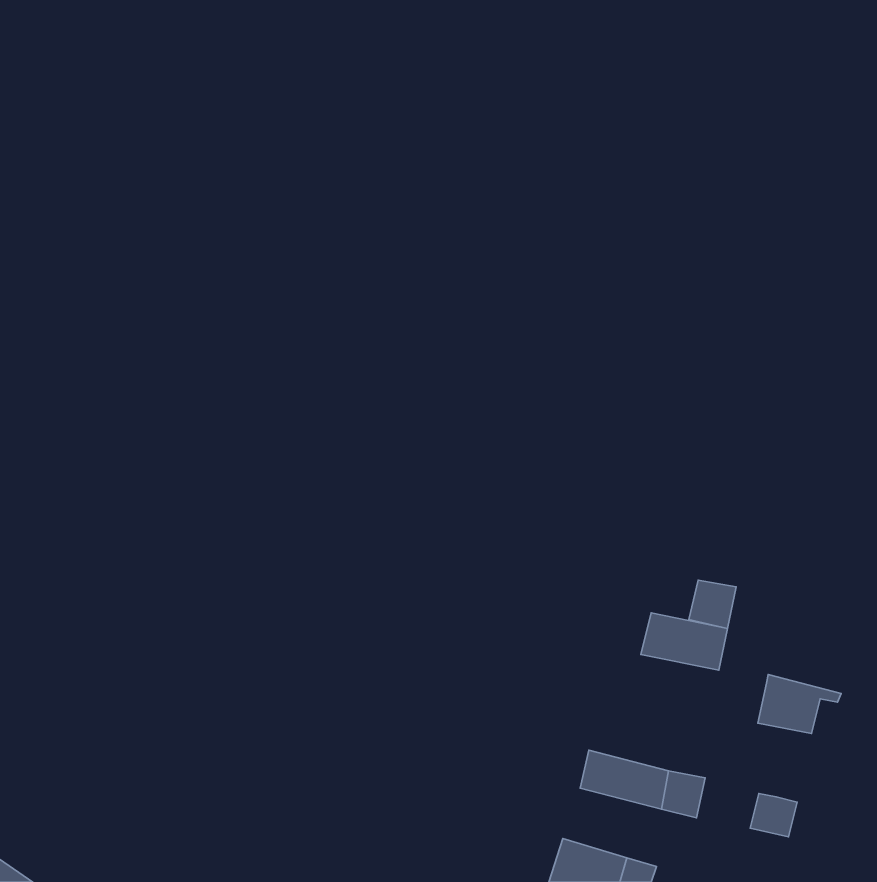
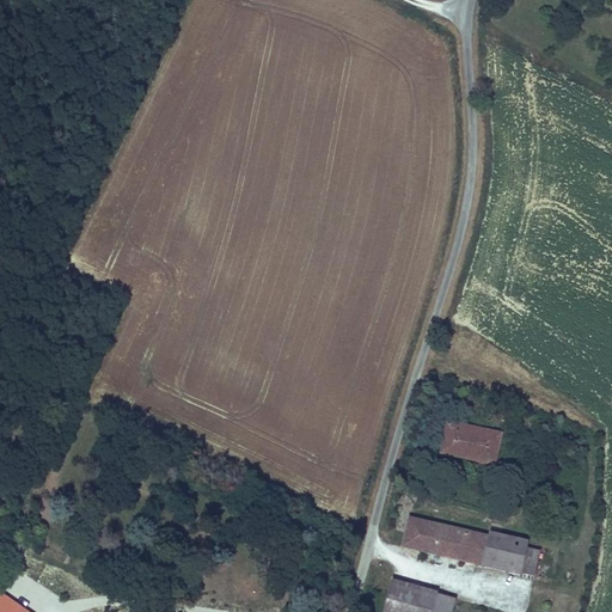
building: [689,580,736,629] -> none
building: [758,674,841,733] -> [479,530,537,570]

